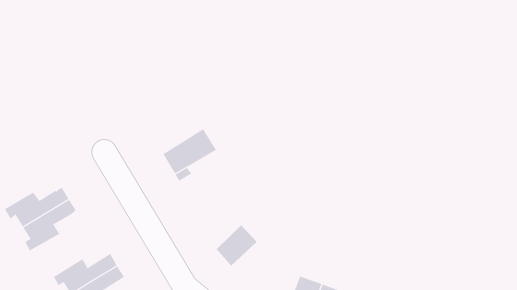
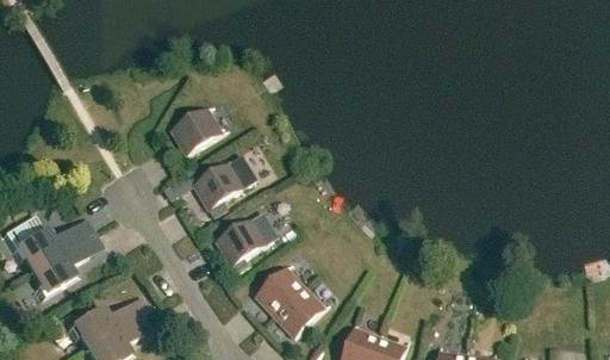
building: none -> [172,107,223,154]
building: none -> [216,218,267,265]
building: none -> [274,287,324,336]

